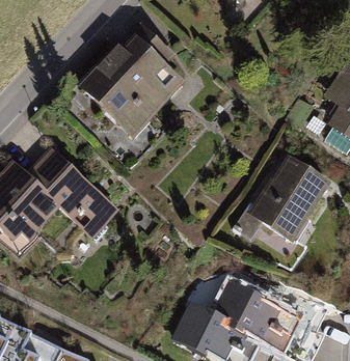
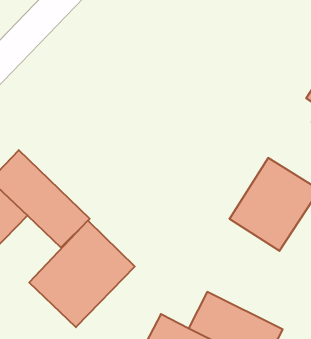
building: [76,21,188,140] -> none
building: none -> [29,221,135,327]

